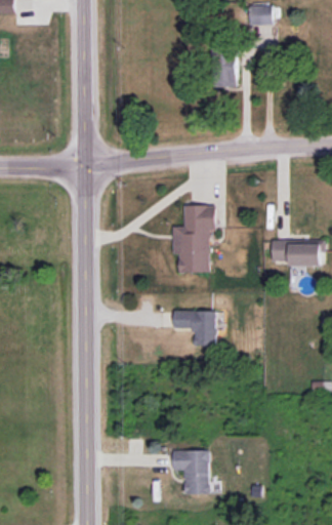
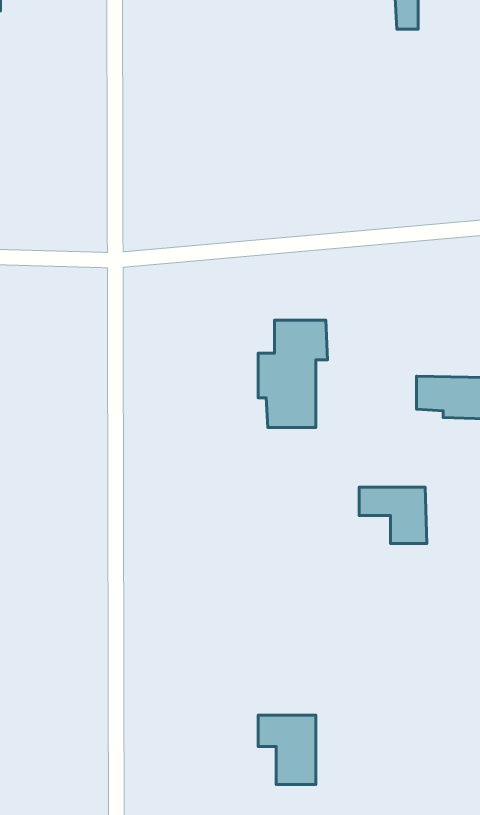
building: [213,51,236,87] -> none
building: [173,311,215,346] -> [359,487,427,544]

